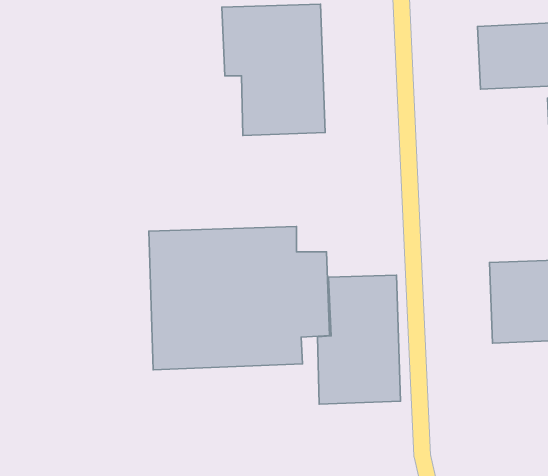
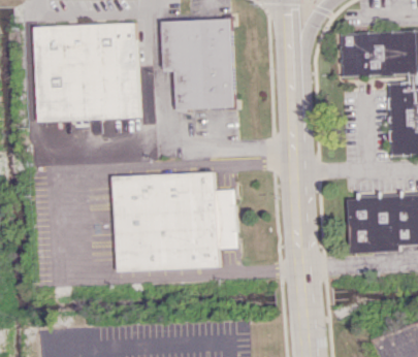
building: none -> [35,23,140,121]
building: [317,275,401,404] -> none

